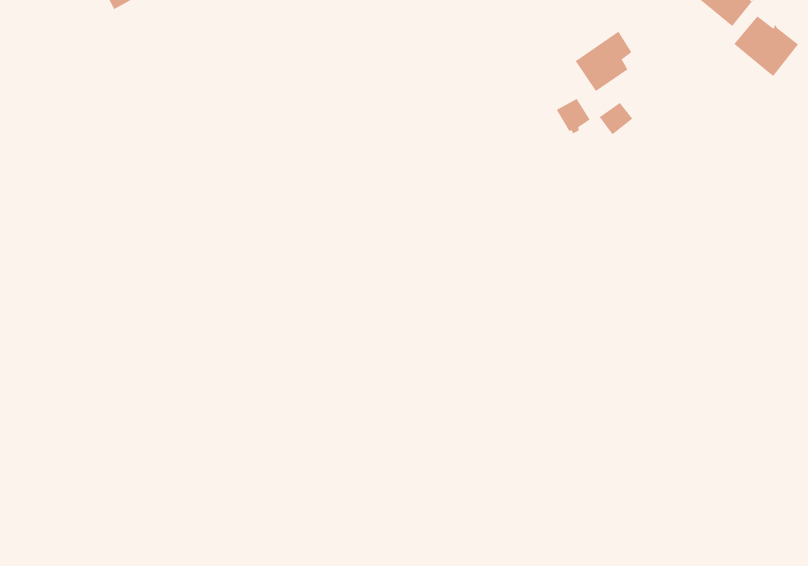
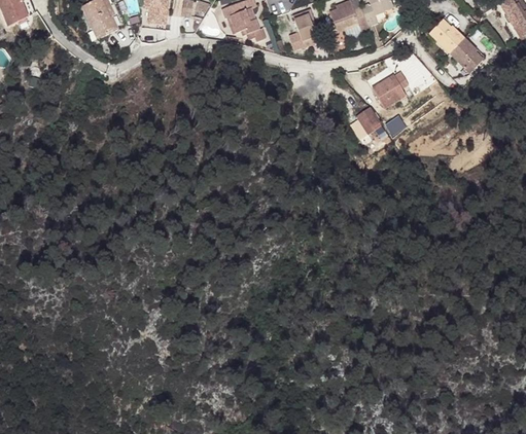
building: [733,15,799,77] -> none

